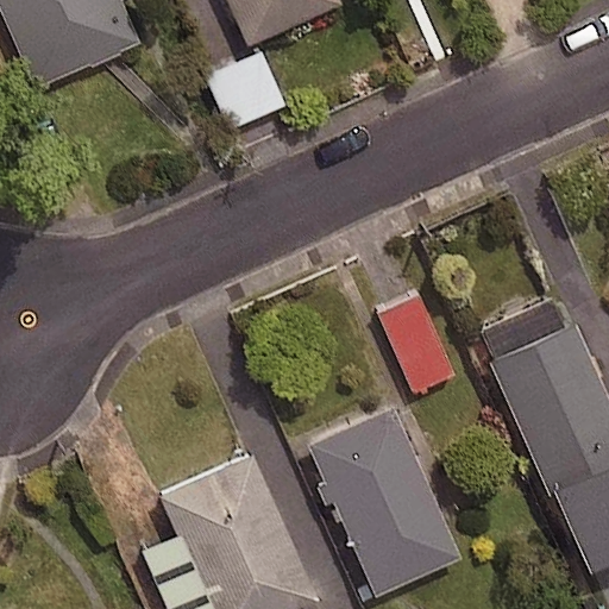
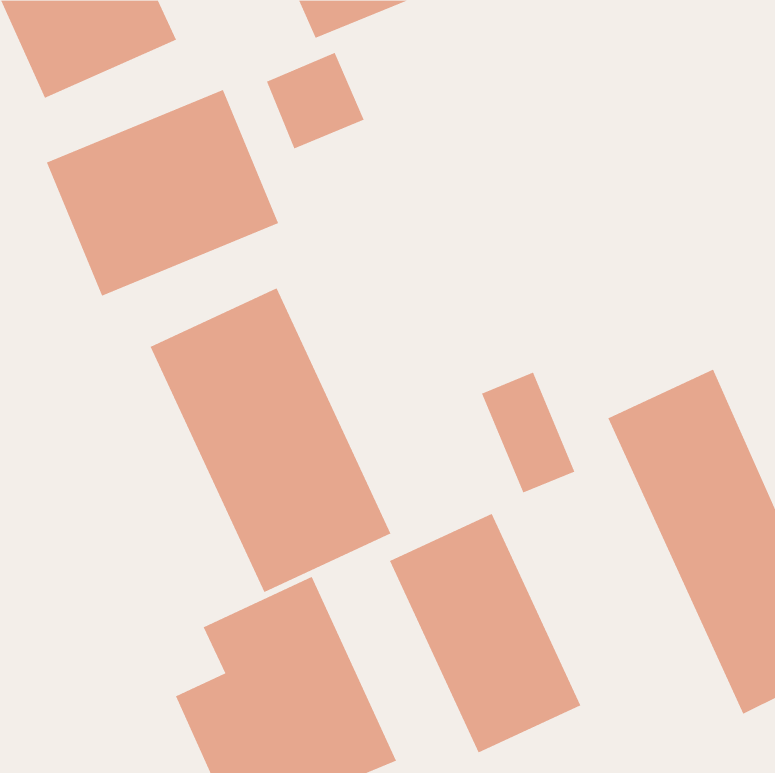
building: none -> [46,89,279,296]
building: none -> [150,287,391,593]

